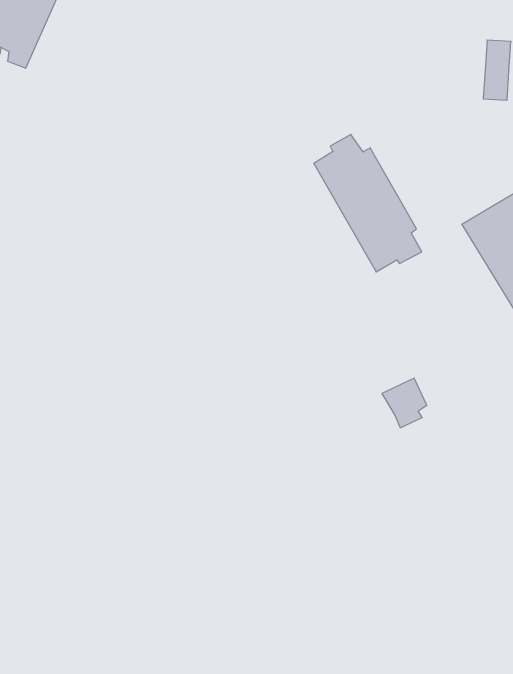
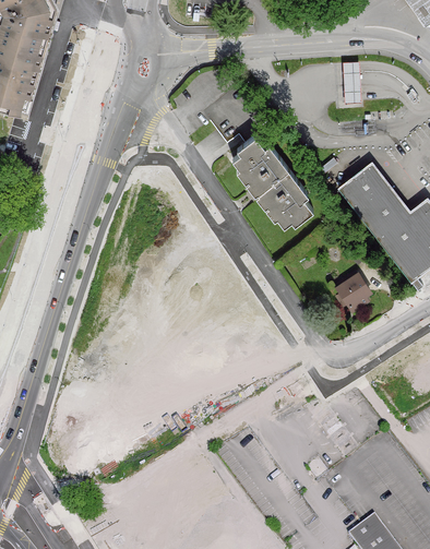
building: [382,378,427,428] -> [336,275,368,310]

